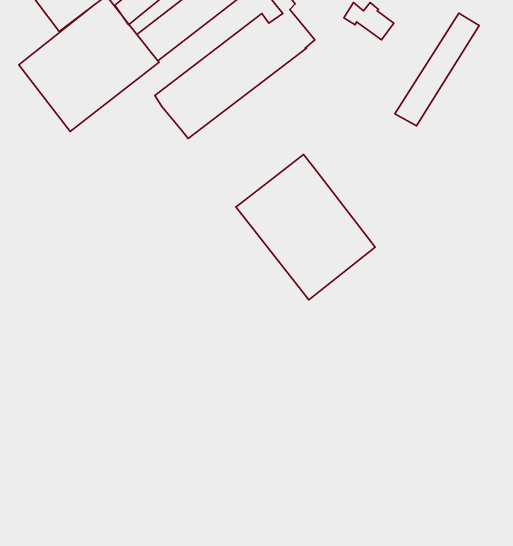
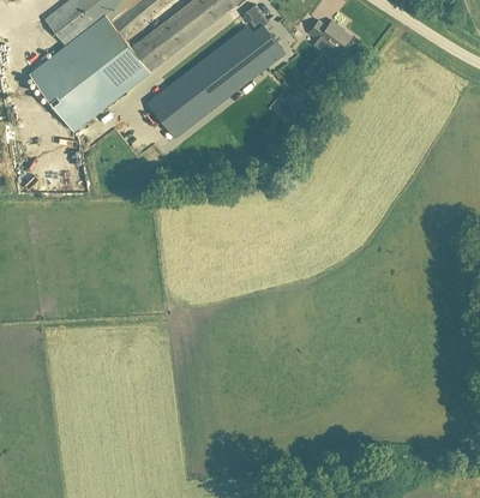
building: [395,13,479,126] -> none
building: [236,155,375,300] -> none

